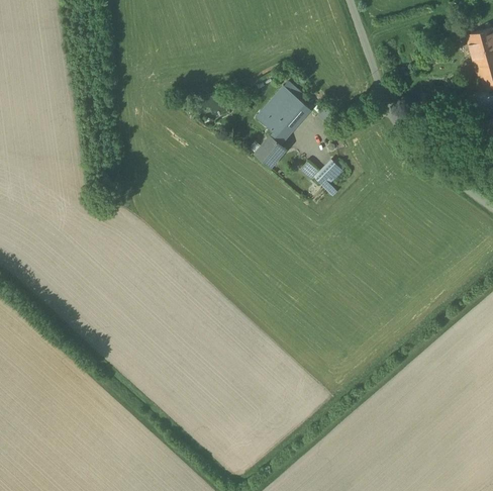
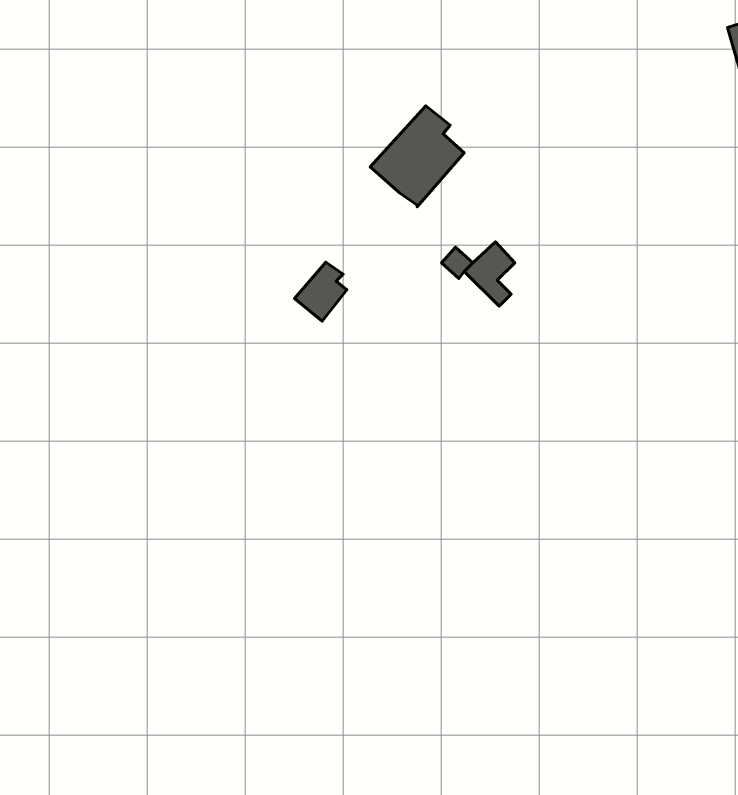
building: [257,131,287,166] -> [294,262,347,321]

